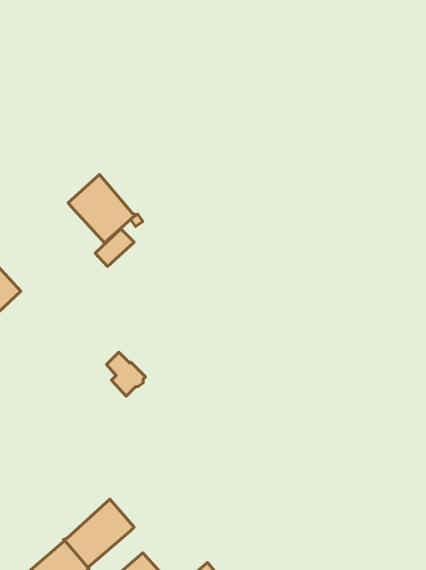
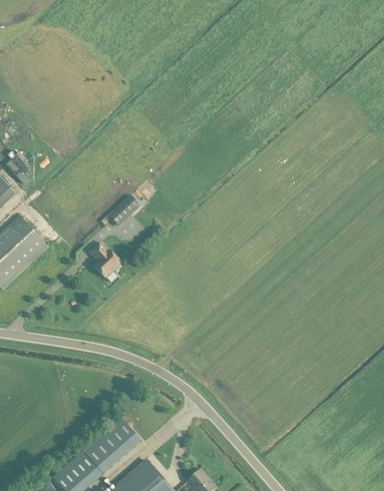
building: [68,175,136,243] -> none
building: [107,352,146,396] -> [89,241,121,278]

